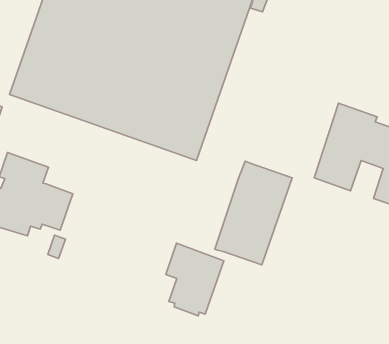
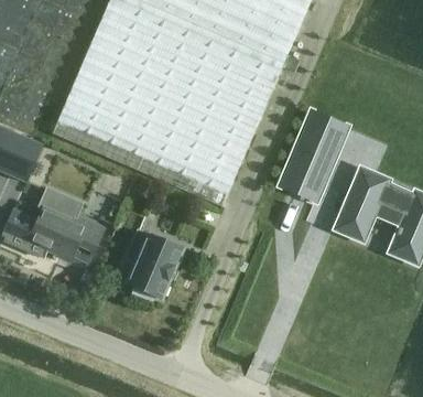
building: [215,161,292,265] -> [275,106,352,204]
building: [166,243,224,316] -> [127,228,182,298]

